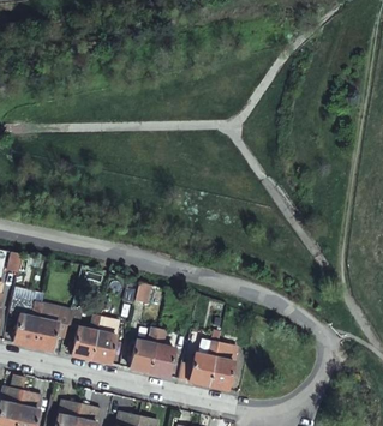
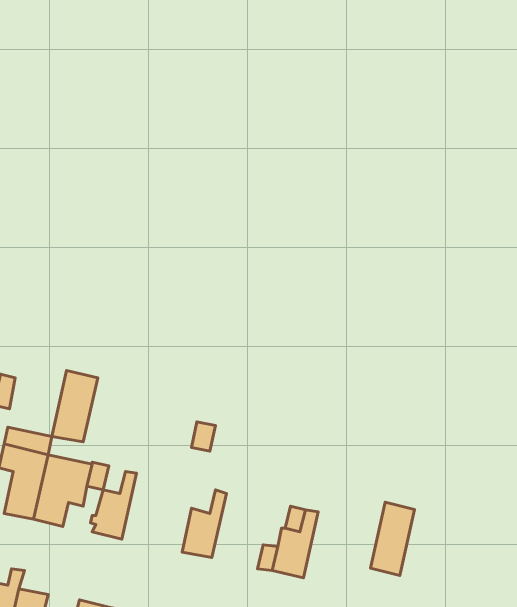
building: [91,317,121,364] -> [52,370,98,442]
building: [150,330,175,377] -> none
building: [210,342,239,390] -> [370,502,415,576]

